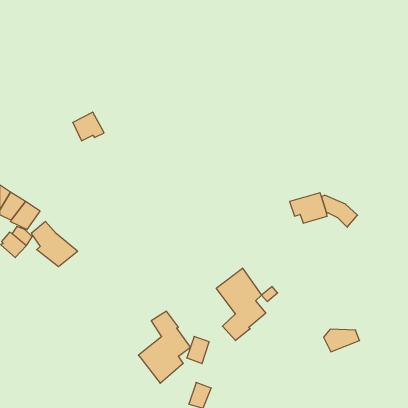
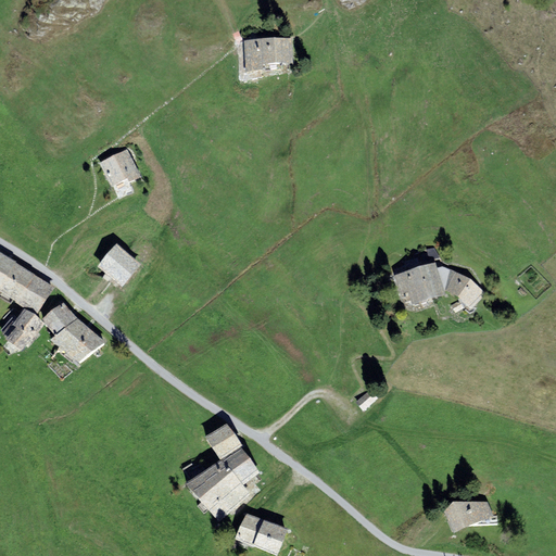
building: none -> [243,39,292,75]
building: none -> [97,242,140,286]
building: [216,268,266,341] -> none
building: [324,329,360,352] -> [443,500,492,530]
building: [187,336,209,364] -> [236,511,266,548]

